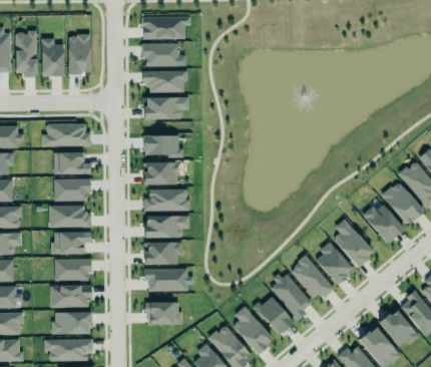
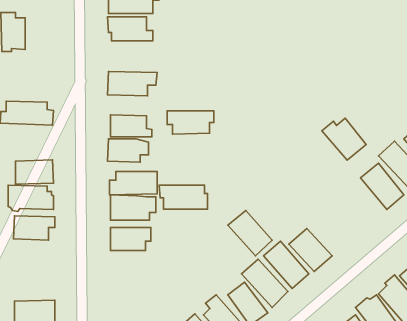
building: [68,35,90,74] -> none
building: [142,70,186,92] -> [167,111,214,134]
building: [53,152,91,174] -> none
building: [362,202,404,242] -> [322,118,366,160]
building: [332,224,374,267] -> [228,211,272,256]
building: [54,258,91,279] -> none
building: [144,269,190,292] -> [159,185,208,209]
building: [50,286,91,308] -> none
building: [146,302,182,325] -> none

